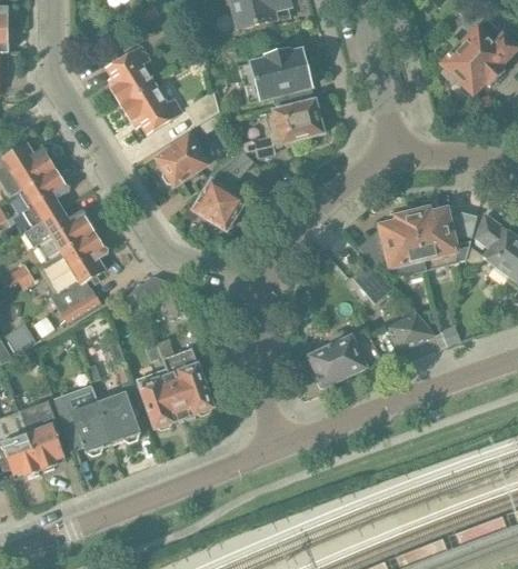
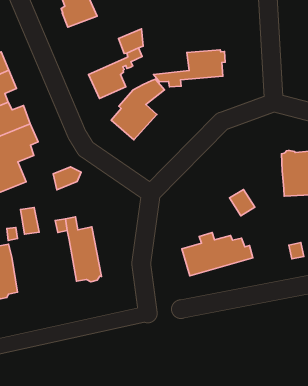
building: [237,49,316,111] -> none
building: [119,82,180,132] -> none
building: [357,214,424,277] -> none
building: [379,312,434,351] -> none
building: [136,367,182,429] -> none
building: [97,390,139,442] -> none

